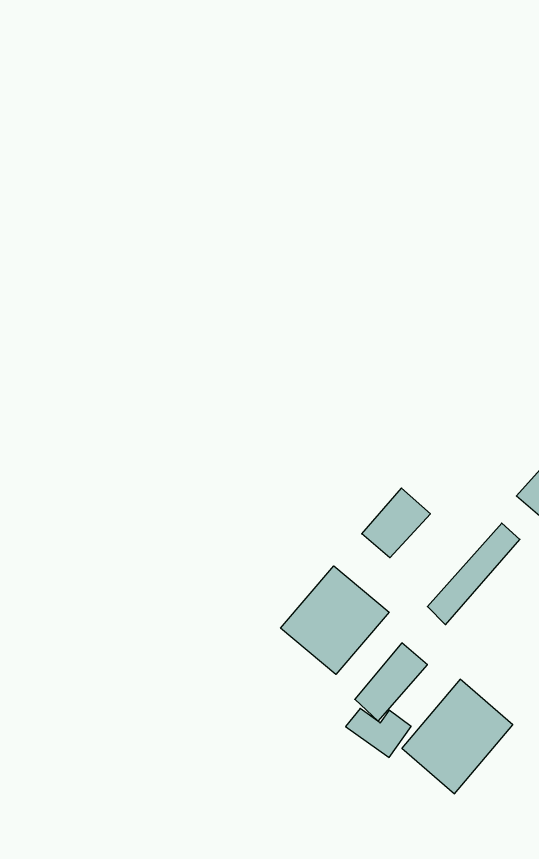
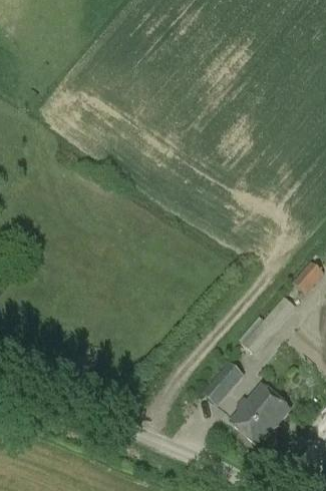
building: [362,488,430,558] -> none
building: [281,566,389,674] -> none

